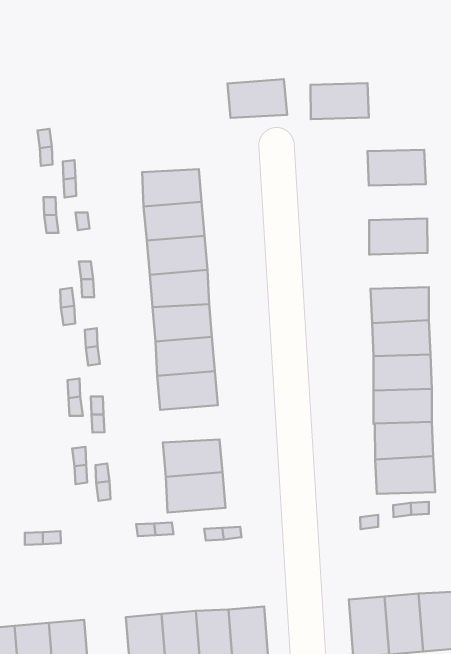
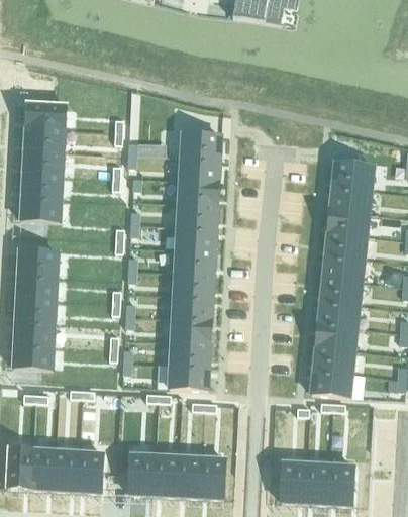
building: [227,79,287,118] -> [181,133,220,160]
building: [311,83,369,119] -> [329,186,371,213]
building: none -> [324,232,366,260]
building: none -> [171,318,211,343]

